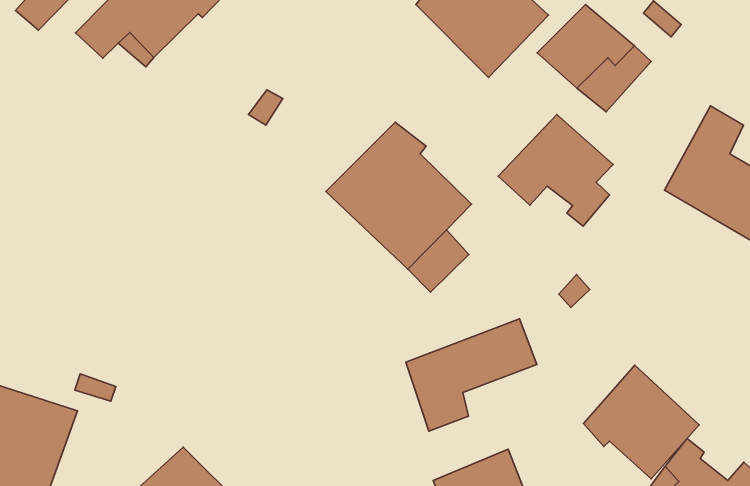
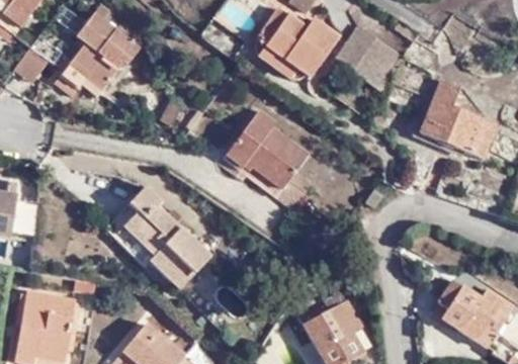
building: [498,114,613,226] -> none
building: none -> [102,183,209,290]
building: [406,319,537,431] -> none
building: [583,365,699,479] -> none

